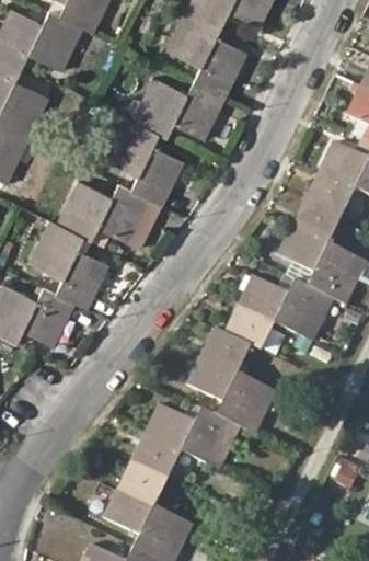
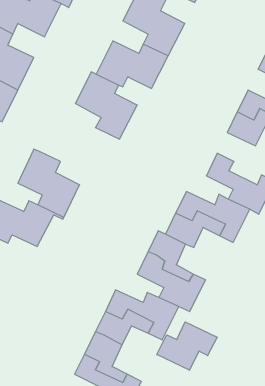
building: [58,180,151,244] -> none
building: [291,196,349,265] -> none
building: none -> [157,322,217,370]

